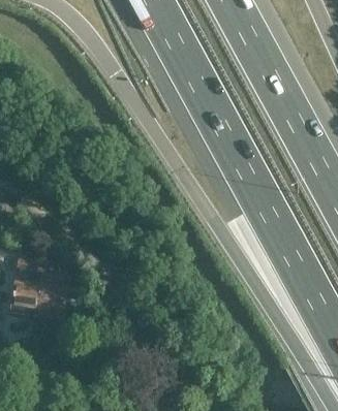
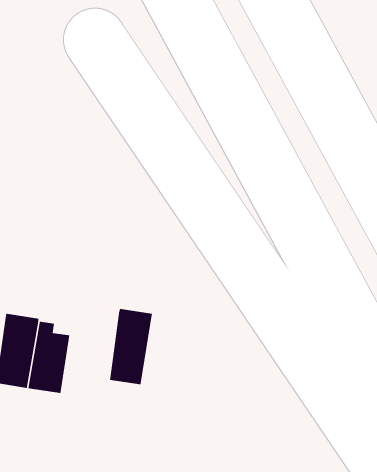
building: none -> [109,308,152,385]

